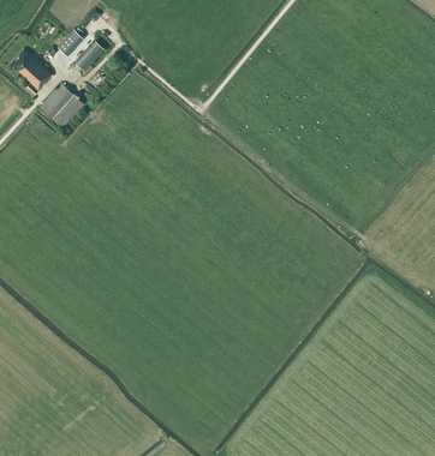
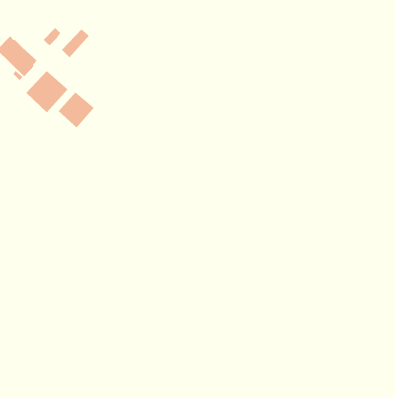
building: none -> [58,92,95,128]

